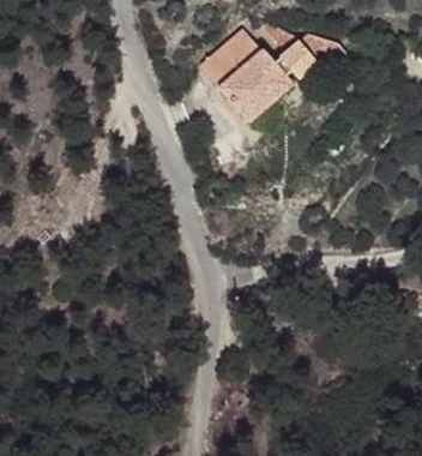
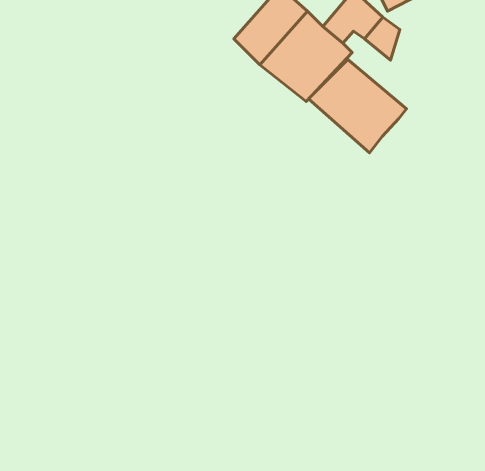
building: none -> [309,60,406,153]

